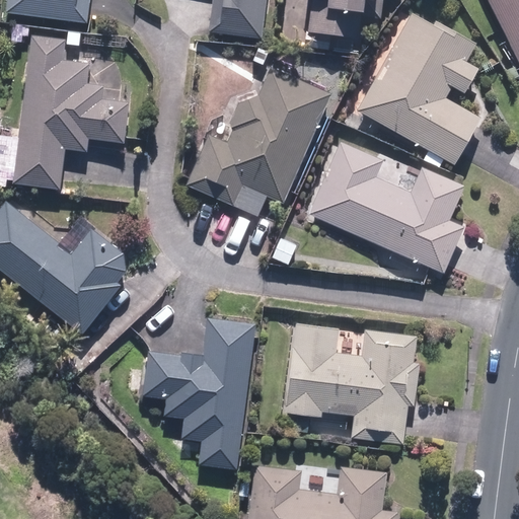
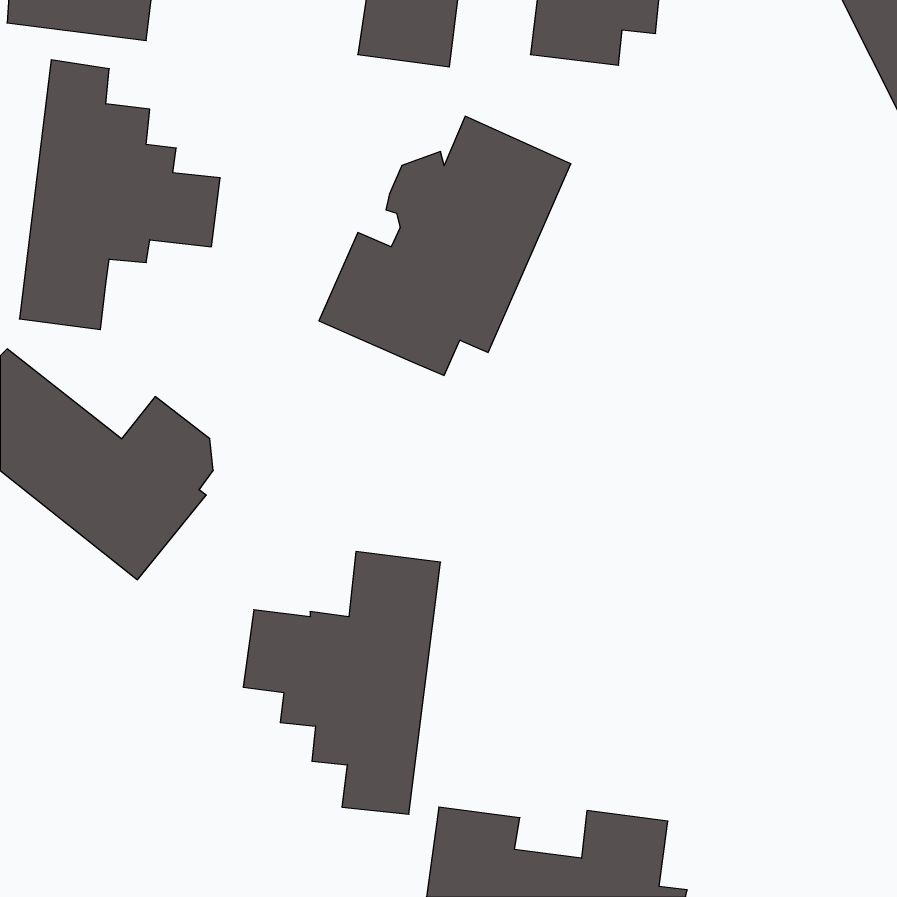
building: [357,13,480,164] -> none
building: [308,141,463,273] -> none
building: [284,323,419,443] -> none

